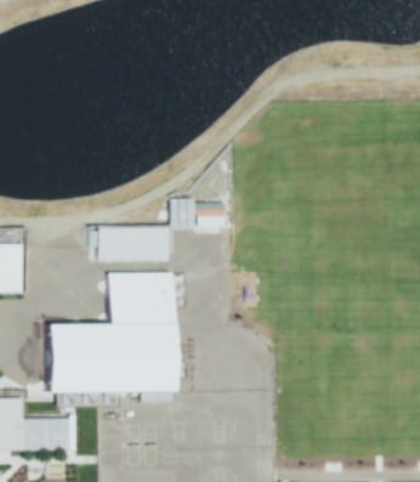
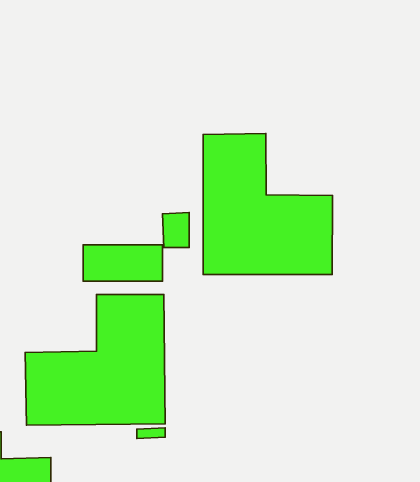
building: none -> [203,134,333,274]

